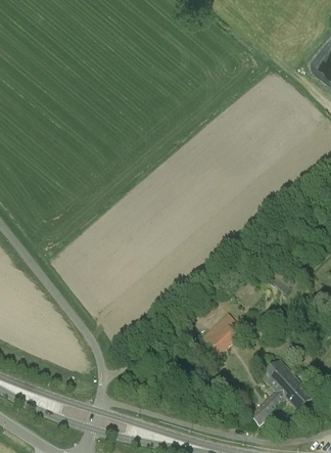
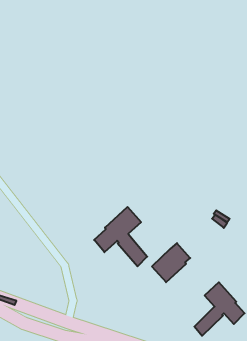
building: none -> [94,207,147,266]

